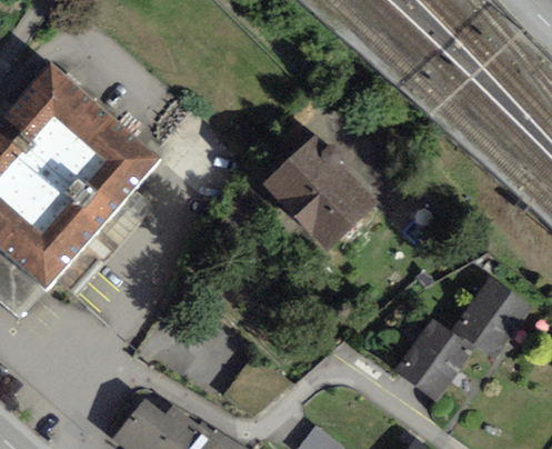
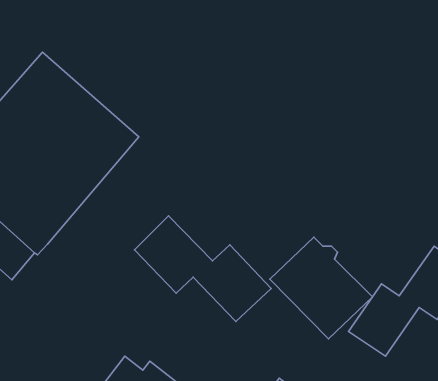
building: [265,141,380,255] -> [270,237,372,339]
building: none -> [135,216,271,322]

